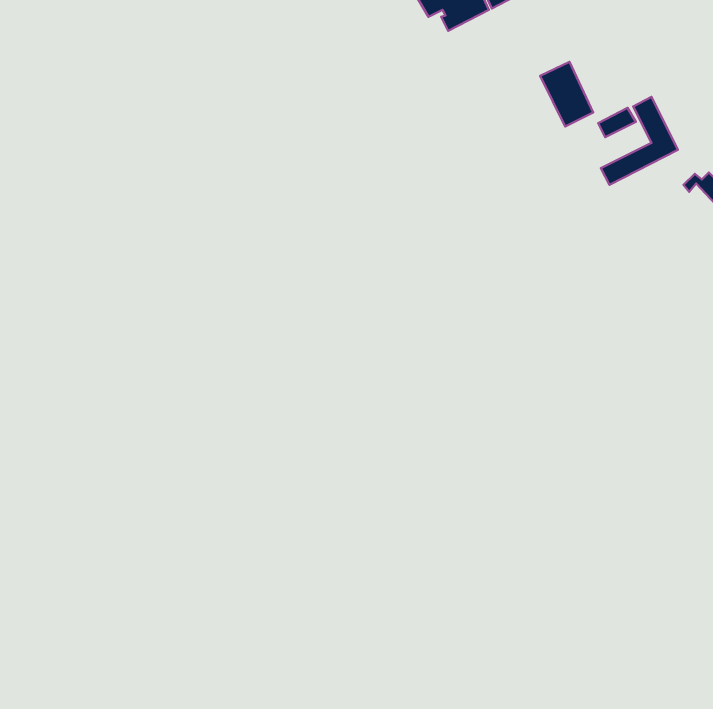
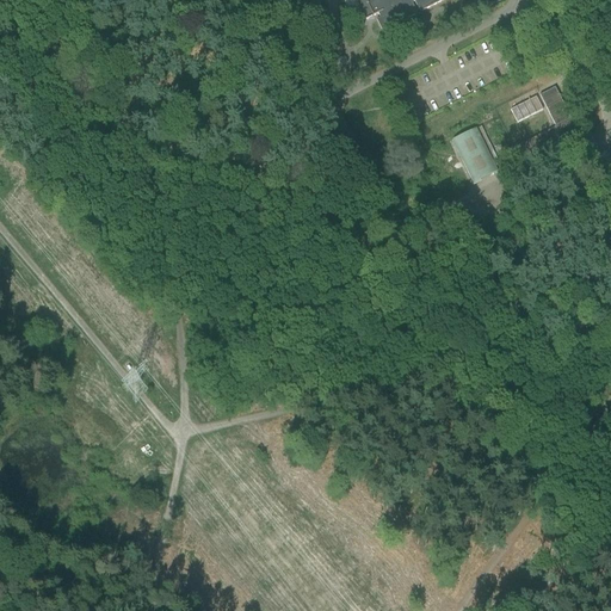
building: [540,62,593,126] -> [453,124,499,179]

